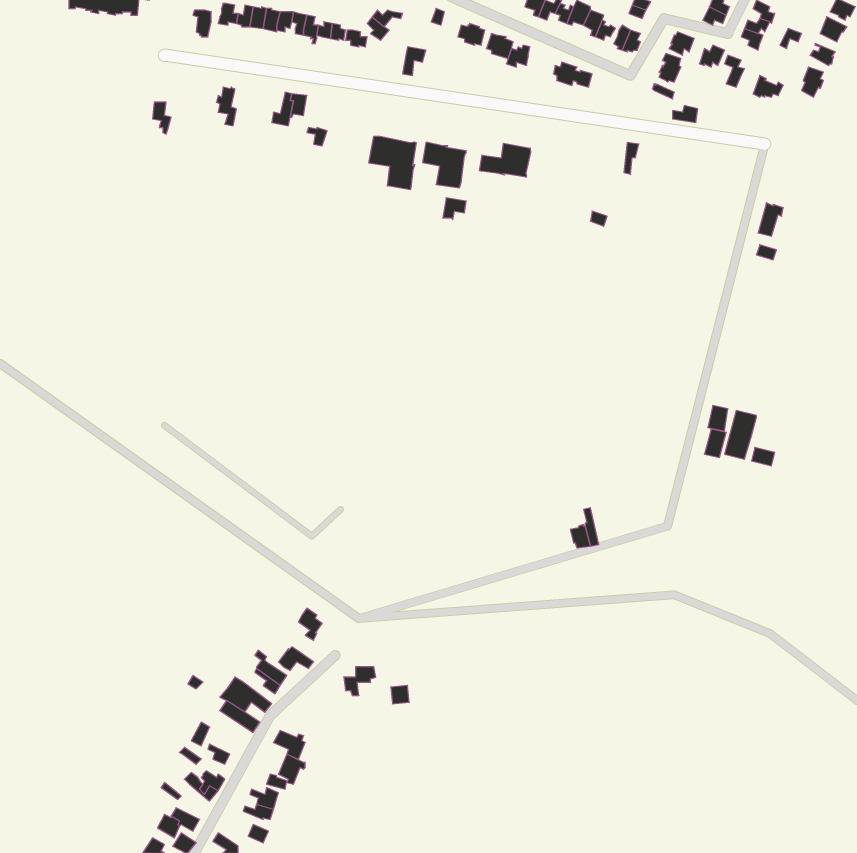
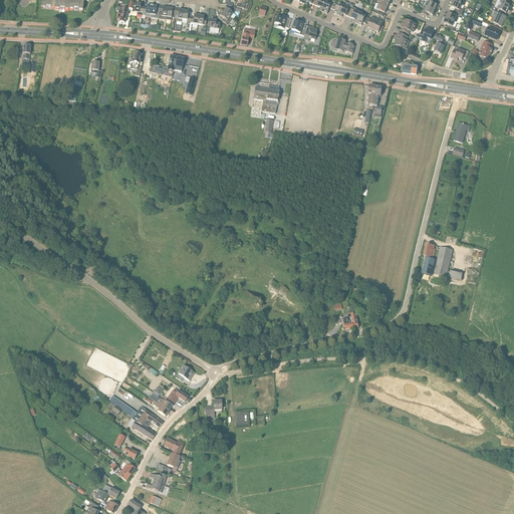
building: [369,136,416,190] -> none
building: [480,143,531,177] -> none

